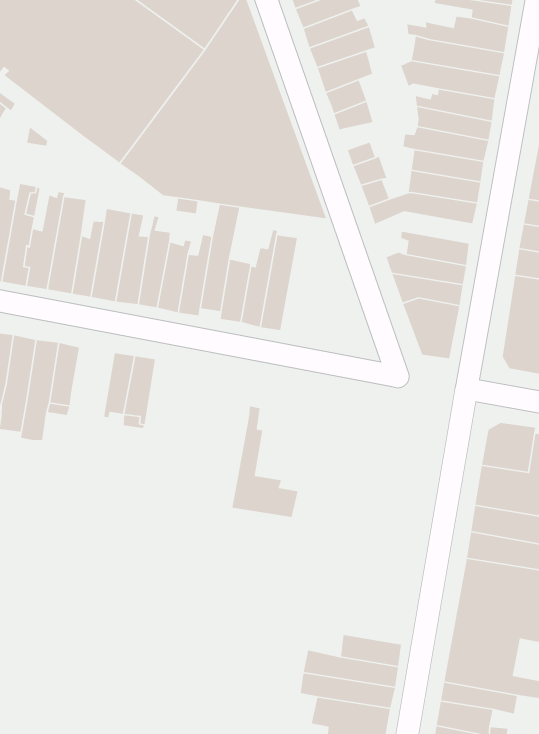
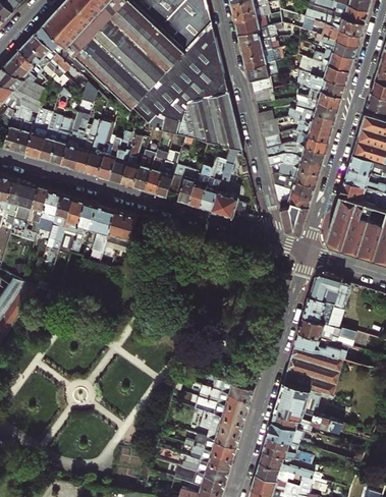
building: none -> [266,153,320,174]
building: none -> [90,206,115,254]
building: [232,406,298,518] -> [208,155,245,219]

